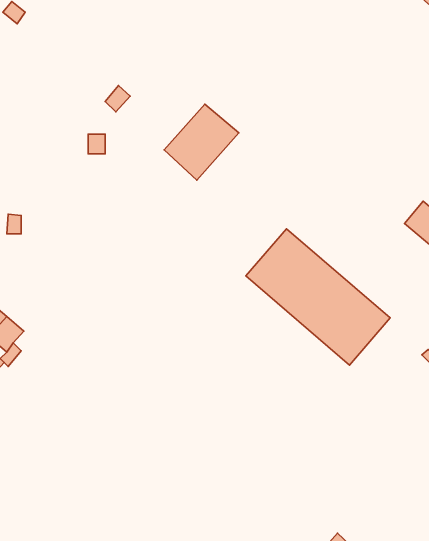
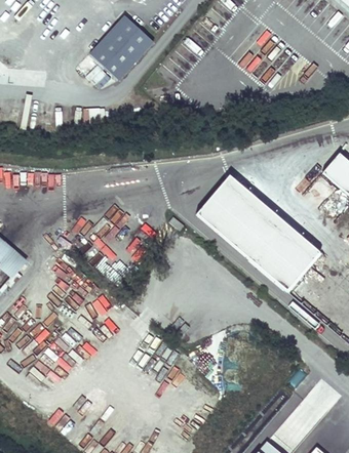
building: [164,104,239,180] -> [94,18,153,78]

